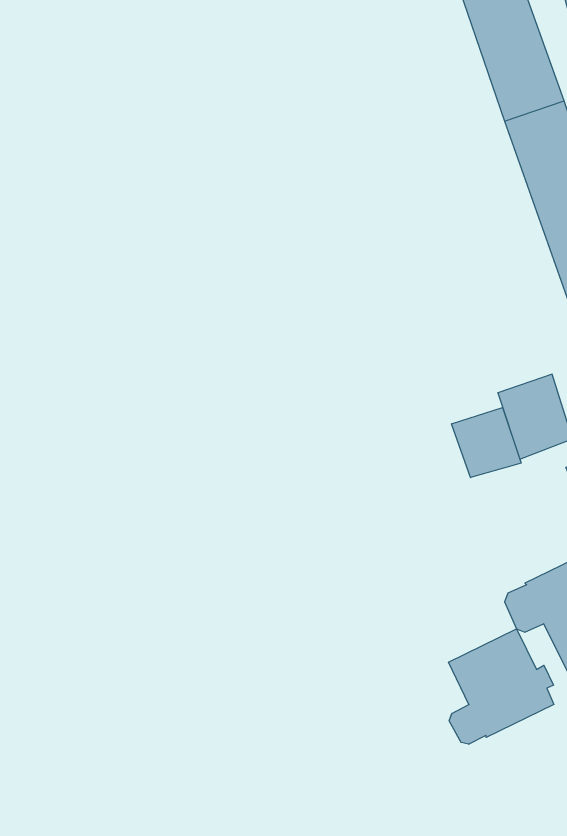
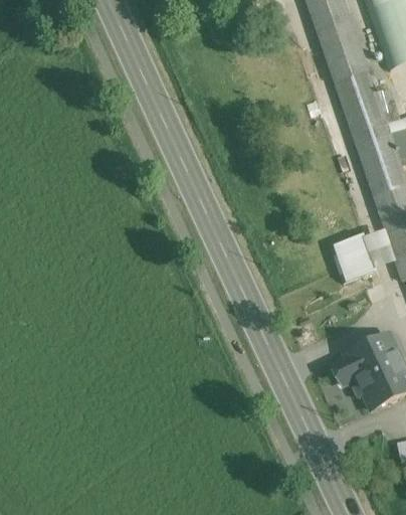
building: [452,407,521,478] -> none
building: [449,629,554,744] -> none

